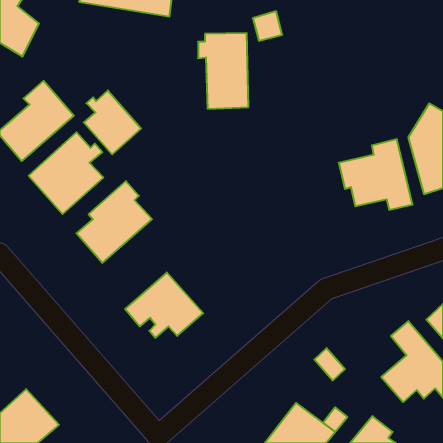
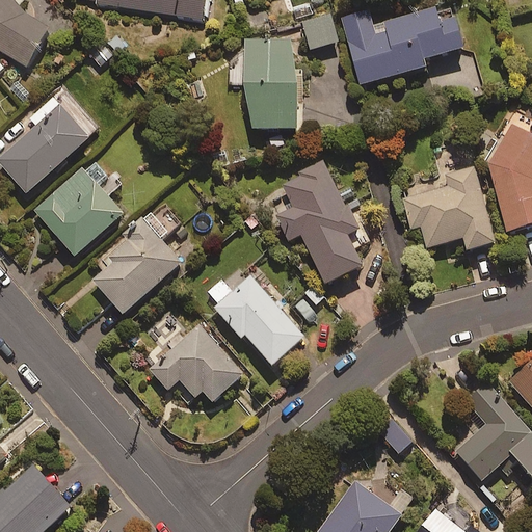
building: none -> [342,7,463,84]
building: [84,90,141,154] -> none
building: none -> [265,161,363,284]
building: none -> [214,275,304,366]

